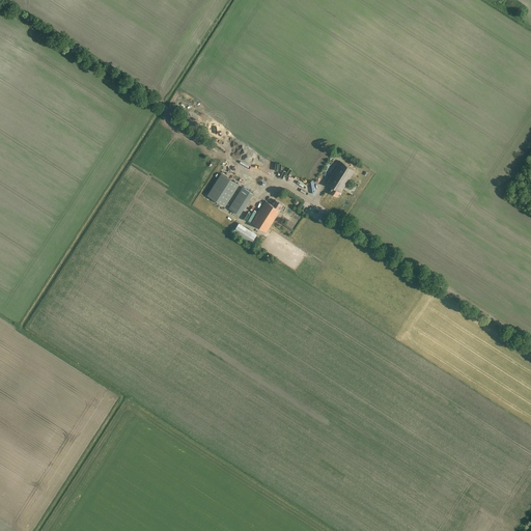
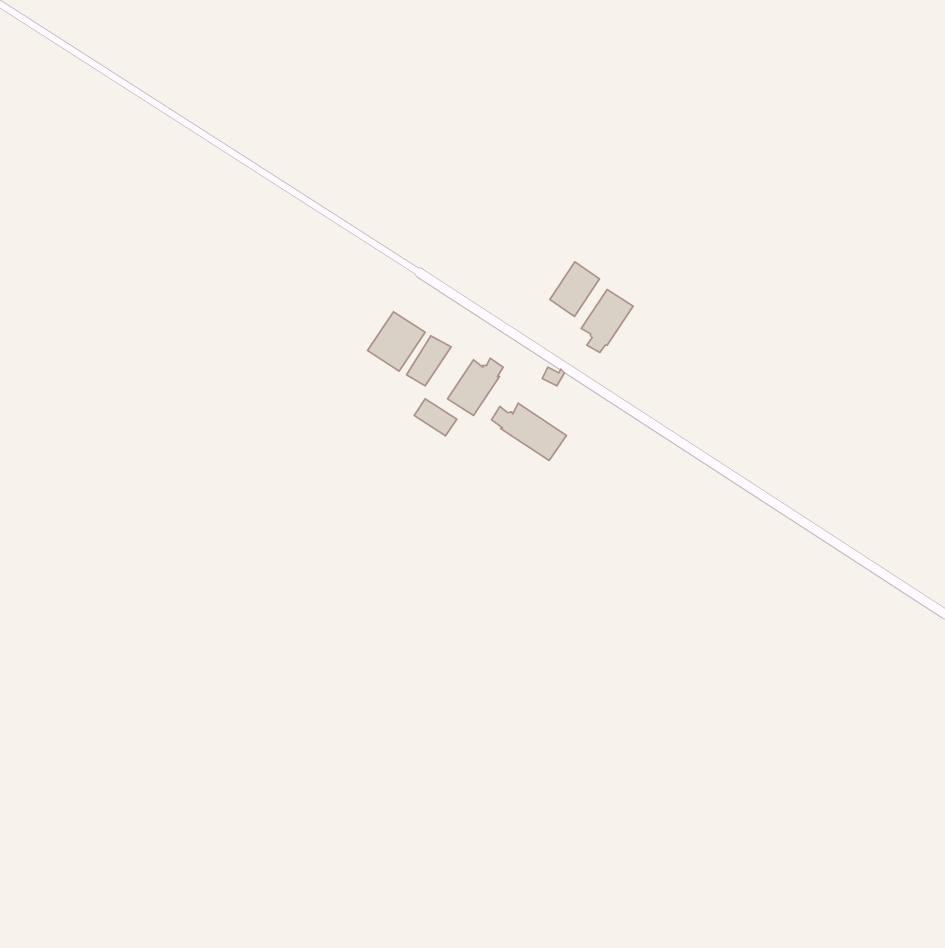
building: none -> [550,262,600,316]
building: none -> [492,403,567,461]

